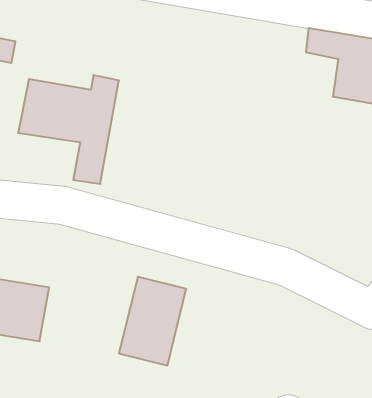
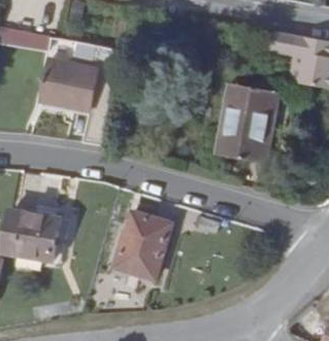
building: none -> [218,86,283,164]

